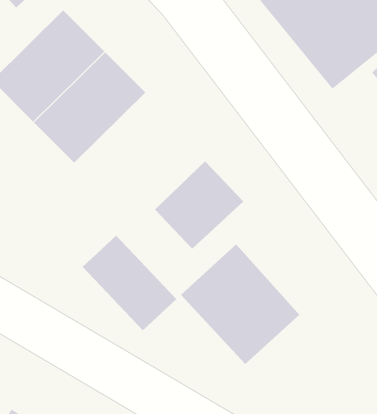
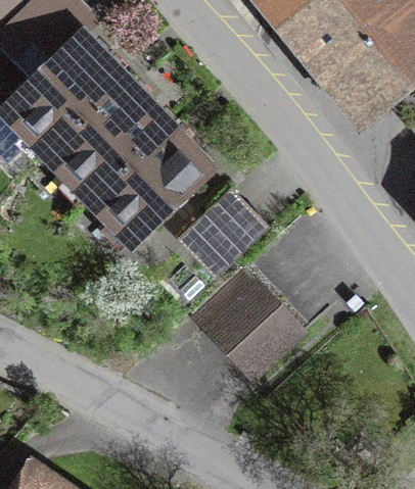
building: none -> [88,124,213,247]
building: [82,235,177,331] -> none

